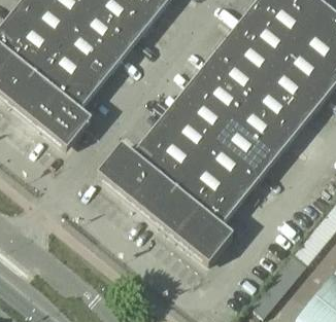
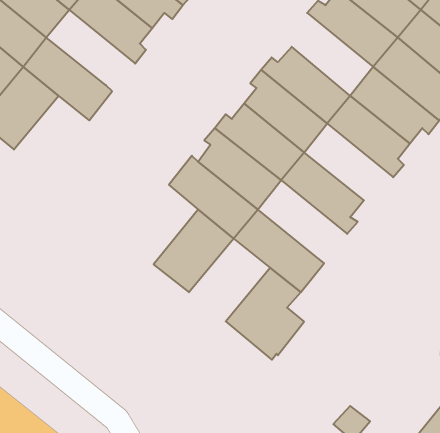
building: [59,25,119,75] -> none
building: [224,27,278,82] -> none
building: [37,82,88,141] -> none
building: [232,101,292,152] -> none
building: [201,139,261,190] -> none
building: [103,142,161,195] -> none
building: [155,178,209,234] -> none

